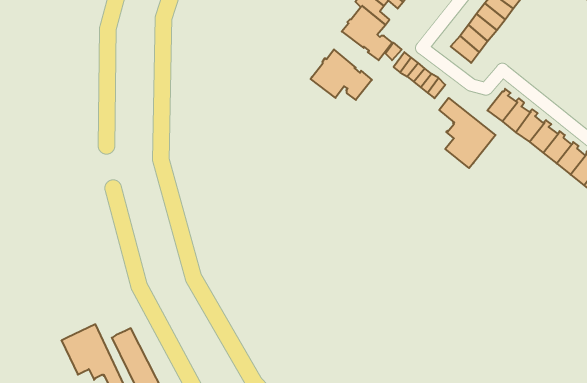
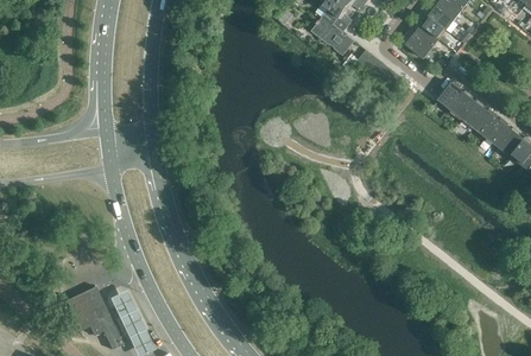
building: [311,49,372,100] -> none
building: [439,98,496,168] -> none

